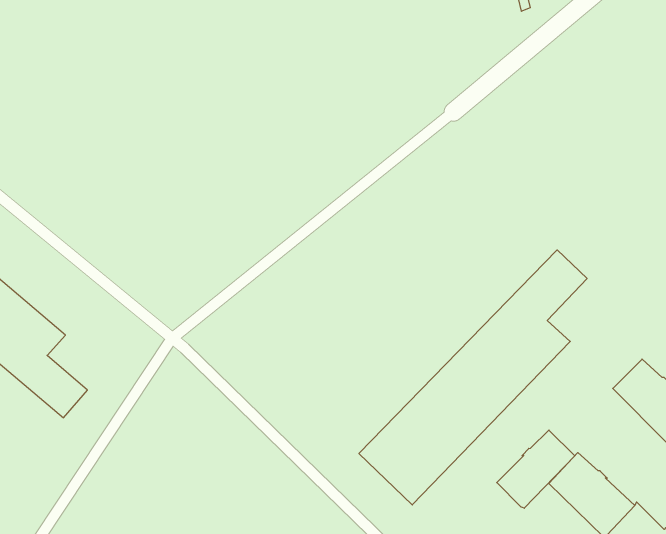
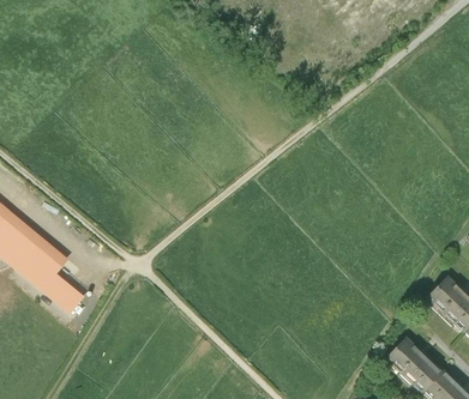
building: [359,250,587,505] -> none
building: [497,430,575,508] -> none

